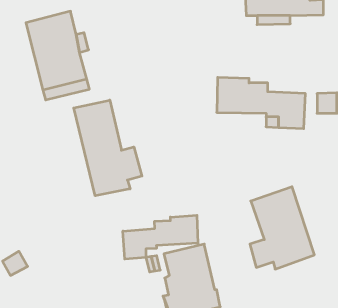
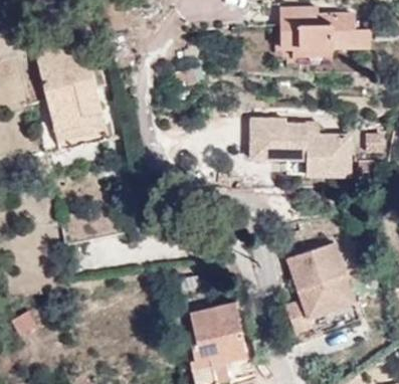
building: [74,100,142,196] -> none
building: [123,215,198,259] -> none

